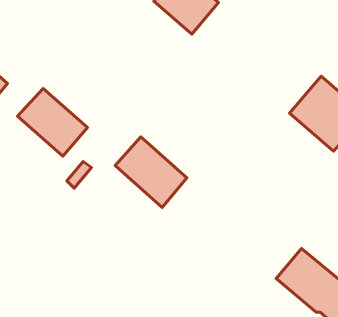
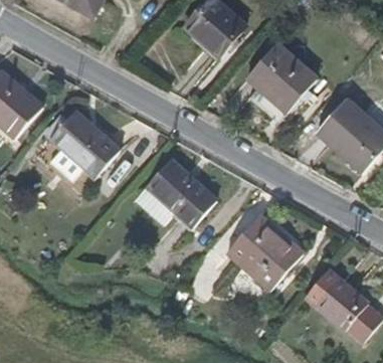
building: none -> [247,44,317,112]
building: none -> [225,214,303,290]

